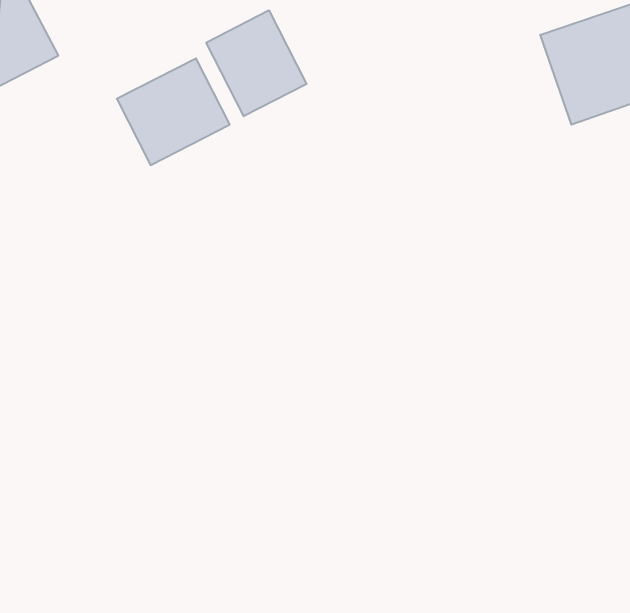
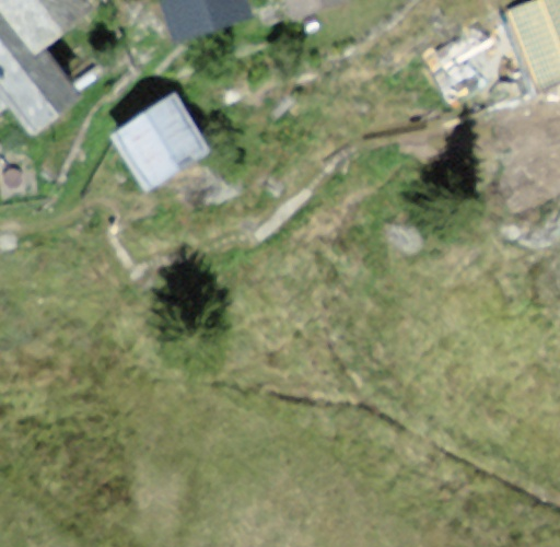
building: [206,10,307,116] -> none

